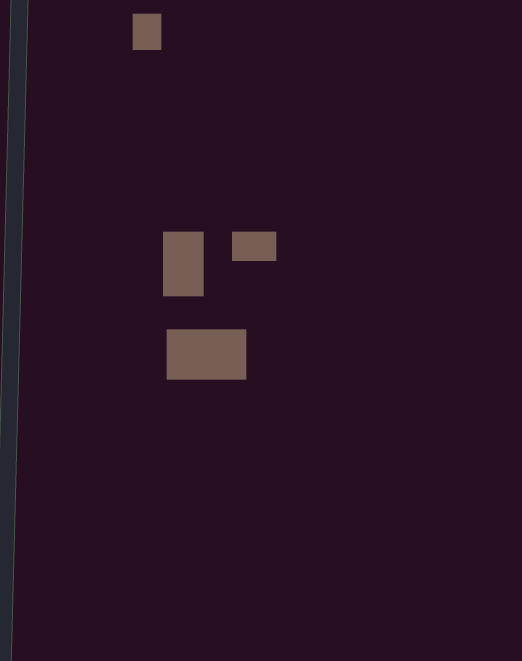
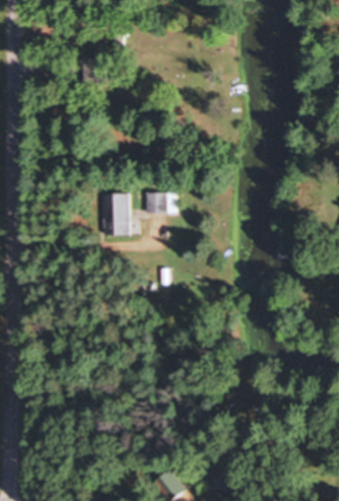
building: [166,329,247,380] -> none

